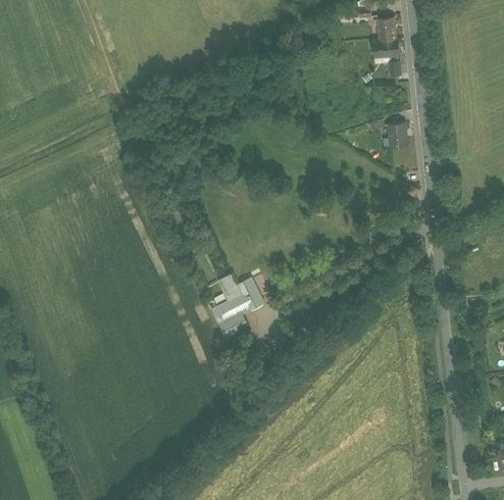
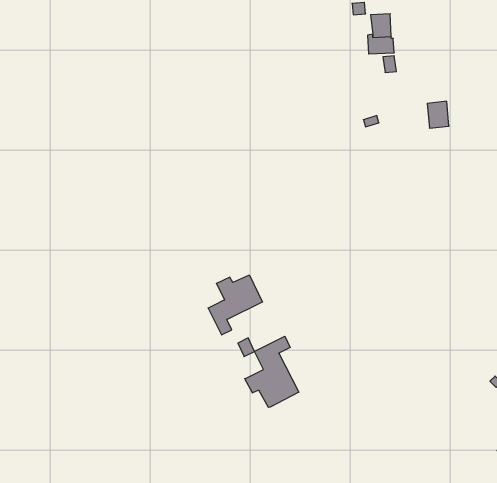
building: [386,120,407,147] -> [427,101,449,128]
building: none -> [245,336,299,407]

